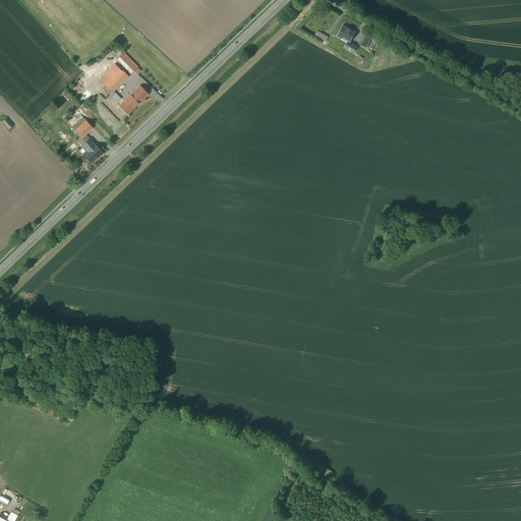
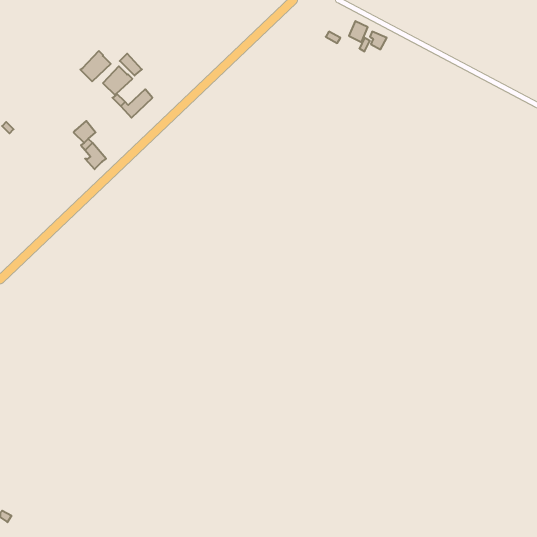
building: none -> [80,51,111,81]

